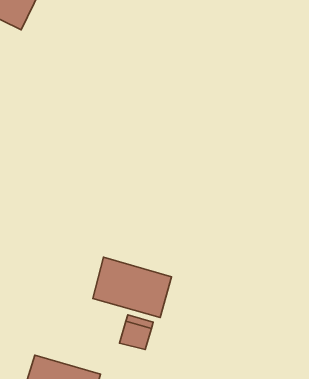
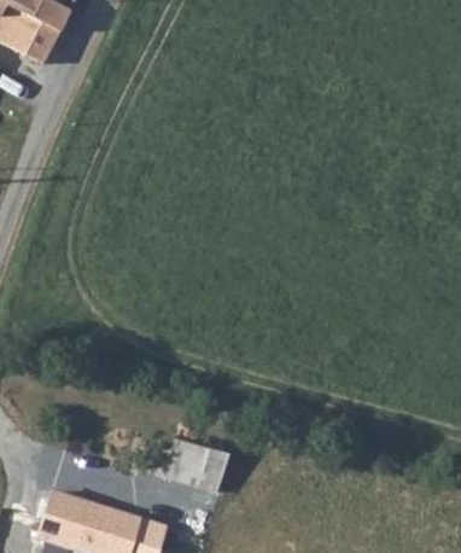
building: [93,257,172,317] -> none

